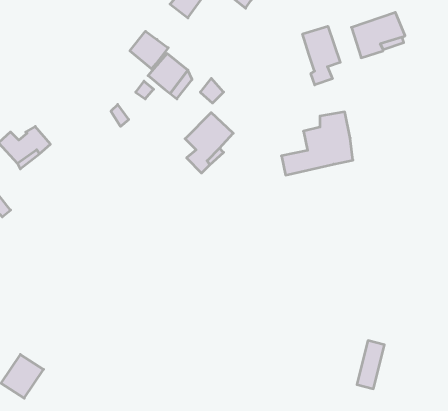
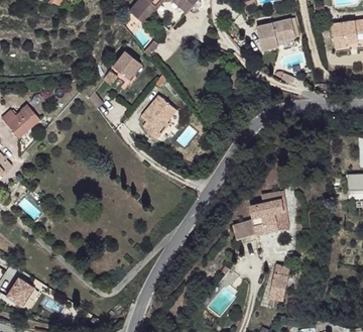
building: [303,26,340,85] -> none
building: [130,31,168,69] -> none
building: [281,112,353,175] -> [233,189,285,235]

